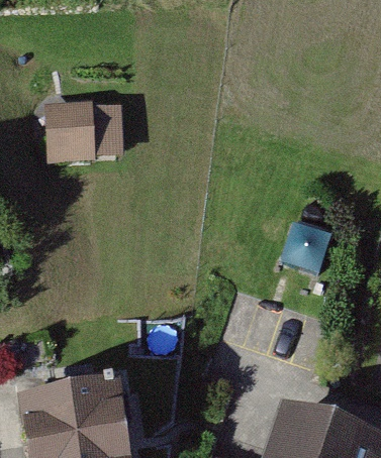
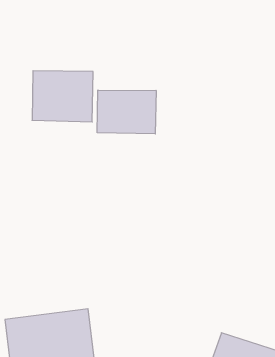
building: none -> [97,90,156,134]

